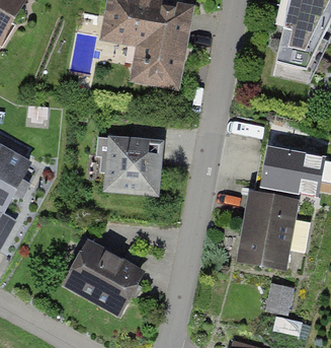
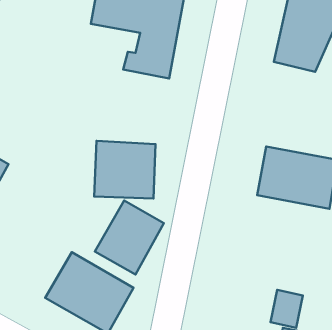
building: [237,191,298,270] -> none
building: none -> [95,201,164,274]

